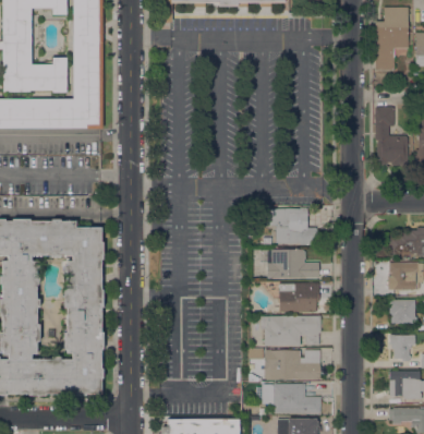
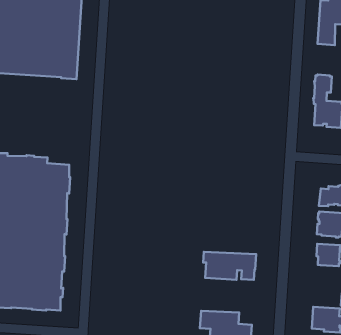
building: [269,207,318,244] -> none
building: [267,250,318,278] -> none
building: [279,282,318,312] -> none
building: [389,335,414,361] -> none
building: [264,349,319,379] -> none

